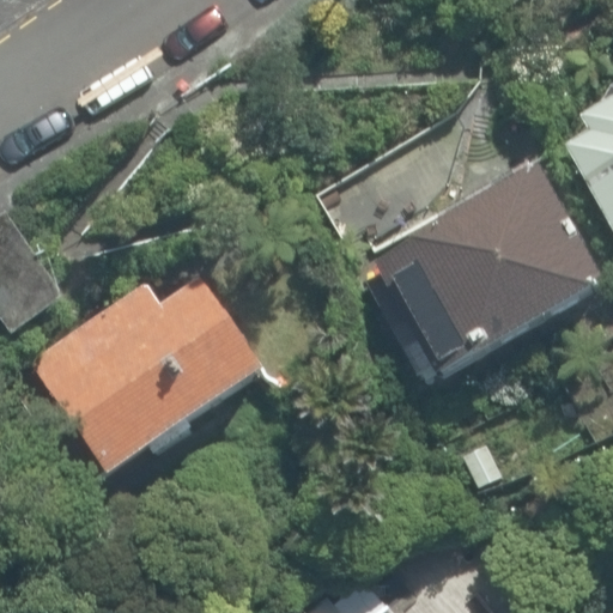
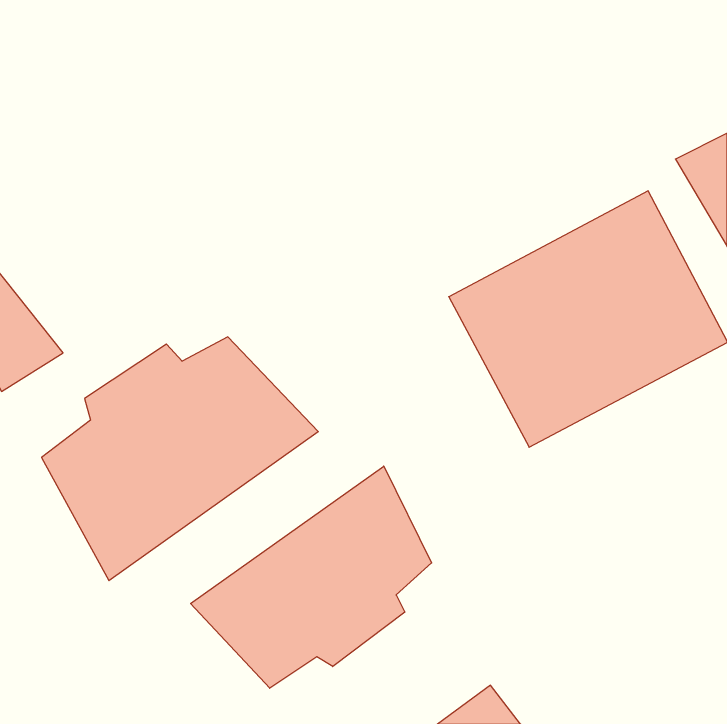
building: none -> [191,466,432,688]

